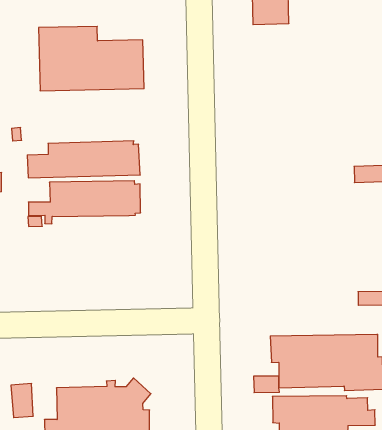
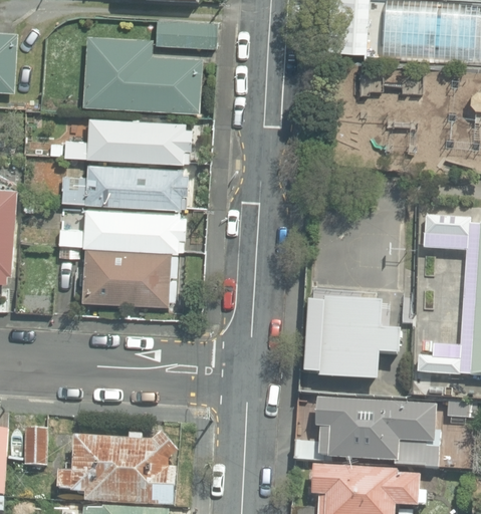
building: none -> [154,18,214,49]
building: none -> [65,117,191,163]
building: none -> [75,246,178,305]
building: none -> [300,285,395,373]

